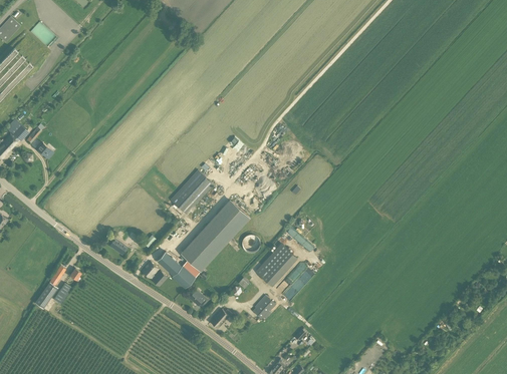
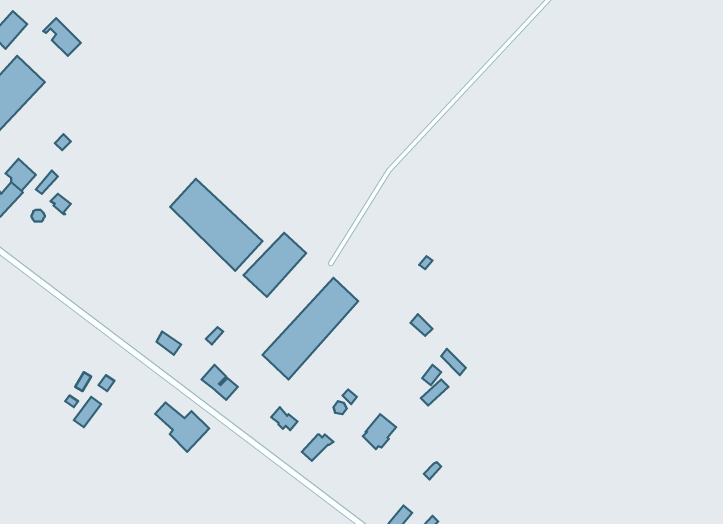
building: none -> [170,179,263,271]
building: [255,243,295,284] -> none
building: [161,254,198,288] -> [155,402,209,452]

